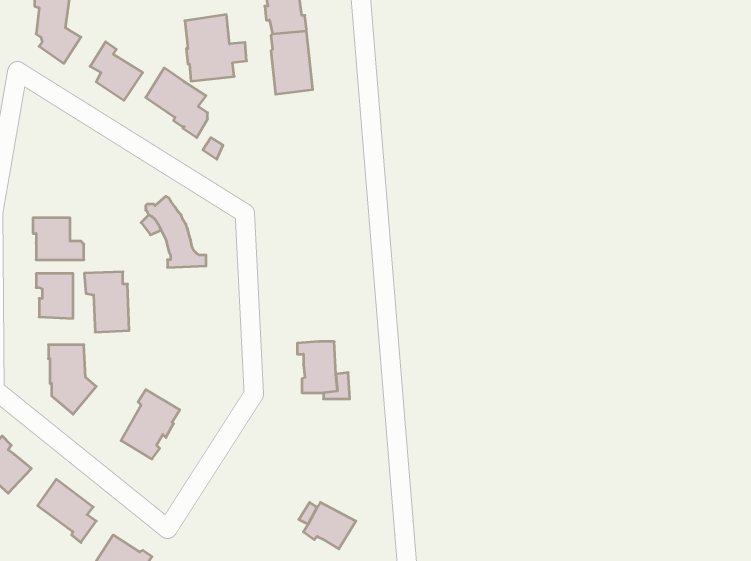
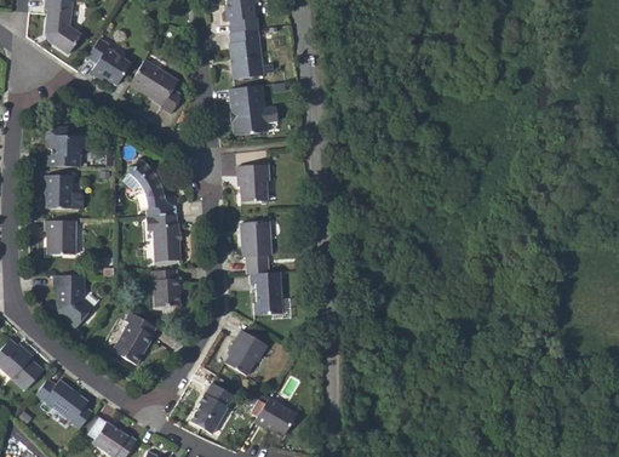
building: [185,15,247,81] -> [229,84,277,136]
building: none -> [46,127,85,166]
building: none -> [235,162,266,201]
building: [84,272,129,332] -> [148,213,183,261]
building: none -> [239,222,270,274]
building: none -> [153,269,182,307]
building: none -> [225,330,266,373]
building: none -> [194,383,236,435]

